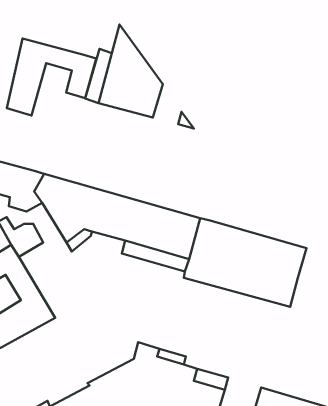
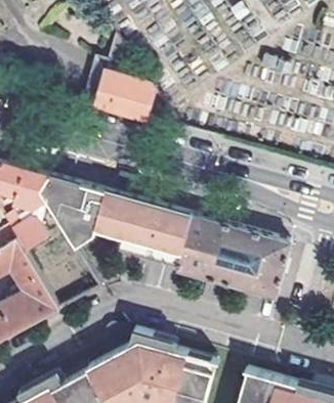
building: [7,38,96,115] -> none

